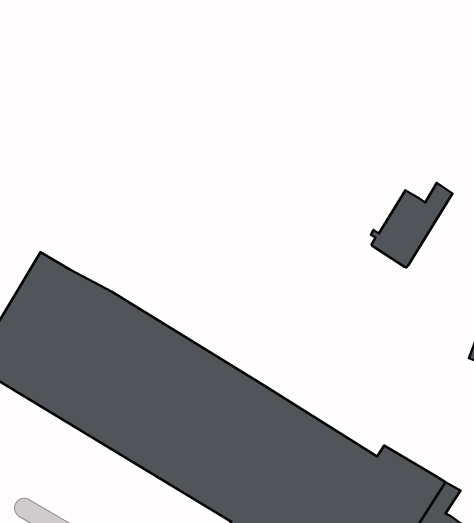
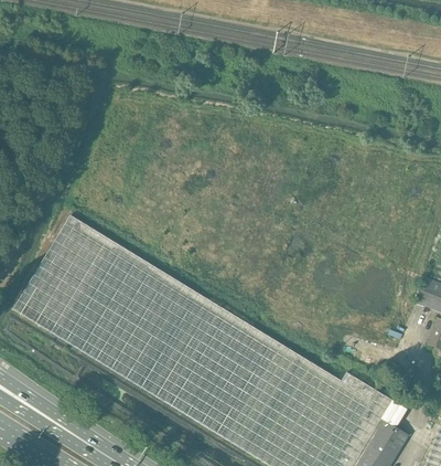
building: [371,183,452,268] -> none

